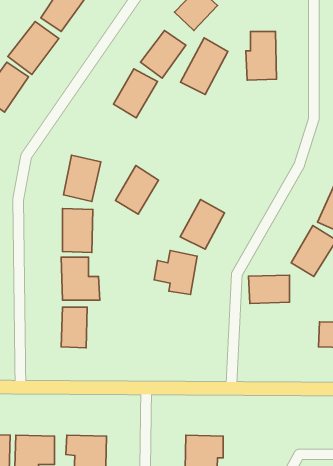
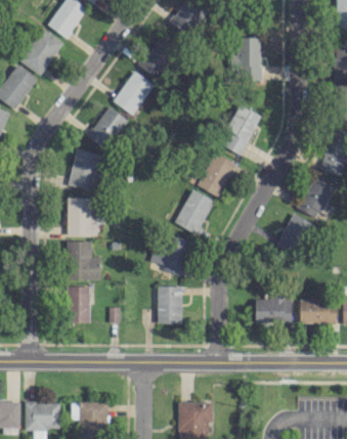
building: [180,38,228,95] -> [218,104,261,156]
building: none -> [197,152,236,197]
building: [115,165,159,214] -> [88,106,127,150]
building: [249,275,289,303] -> [255,298,292,323]
building: none -> [157,287,182,324]

